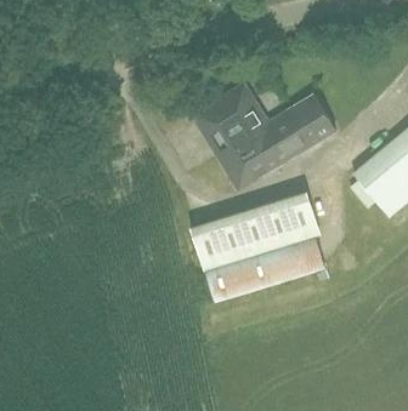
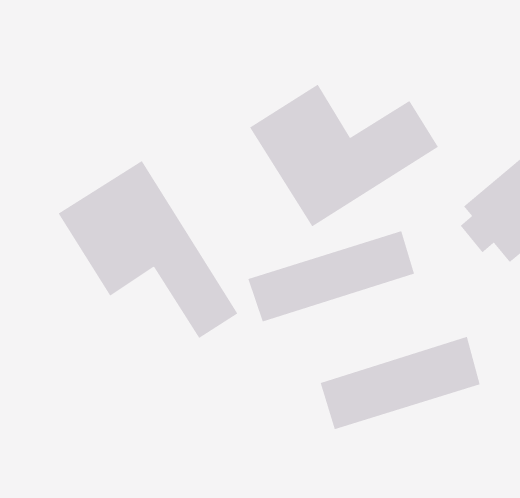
building: none -> [58,160,238,339]
building: [204,233,325,303] -> [320,336,480,430]

